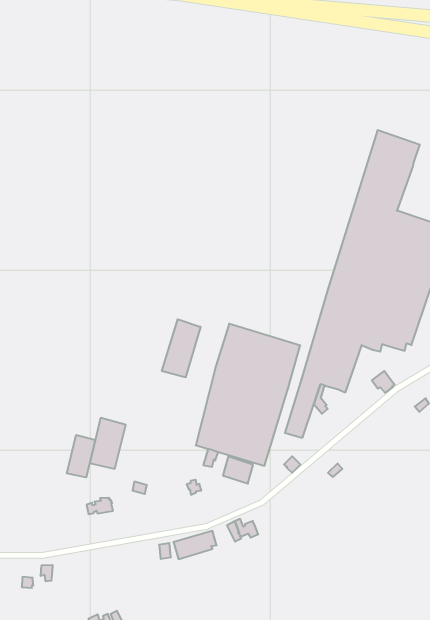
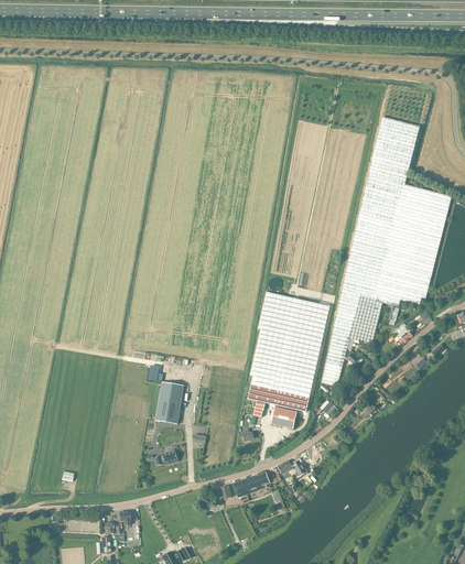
building: [162,319,201,377] -> none
building: [67,435,95,477] -> none

